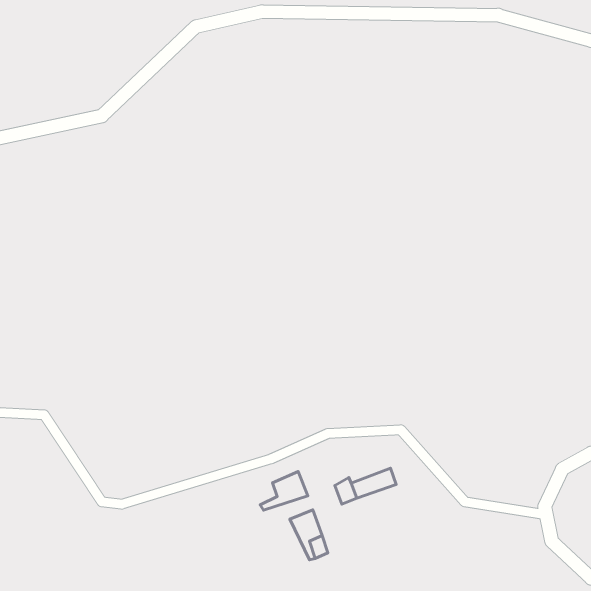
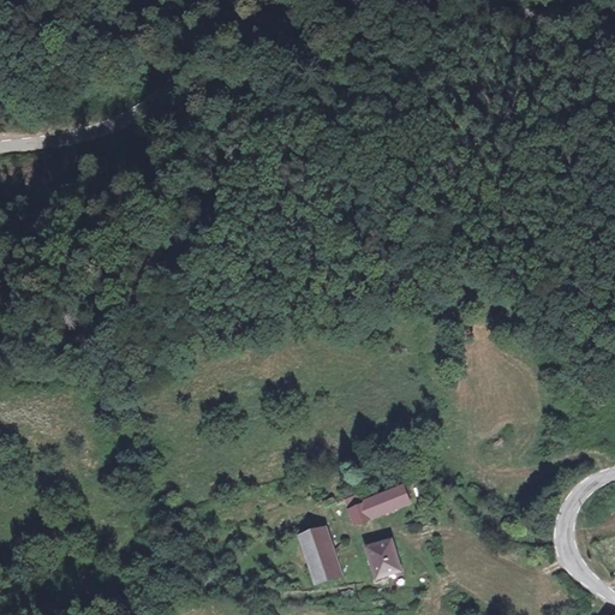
building: [260,471,308,510] -> none
building: none -> [364,541,398,577]

